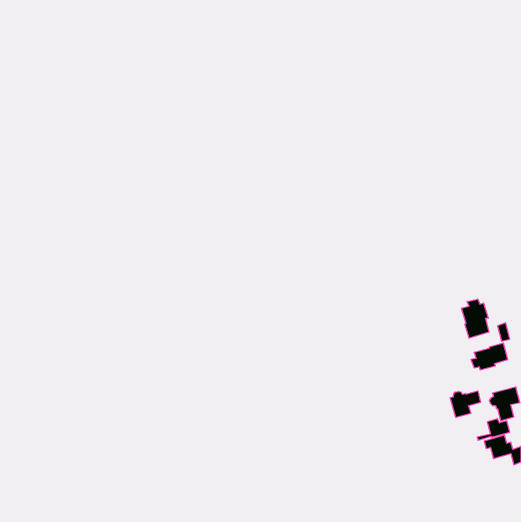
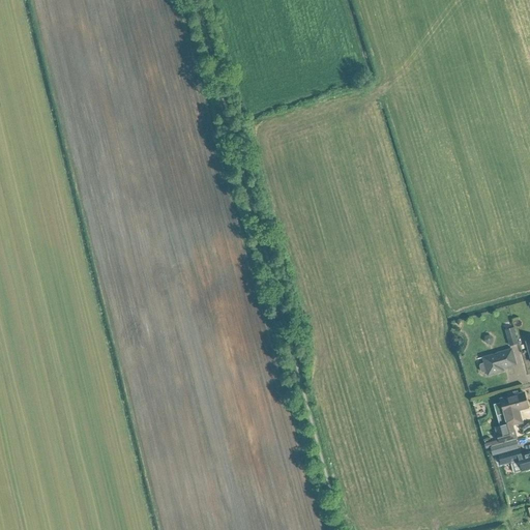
building: [461,299,489,338] -> none
building: [450,391,480,417] -> none

